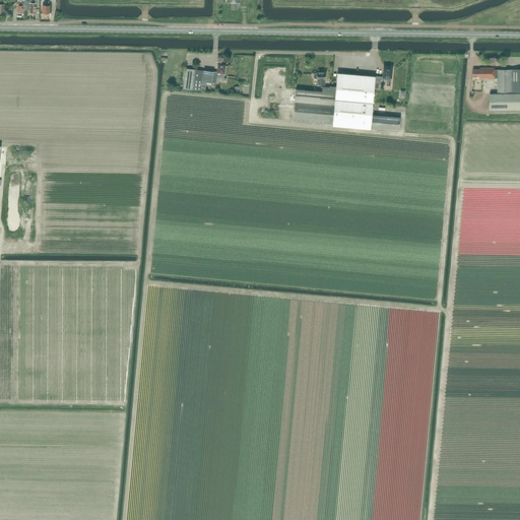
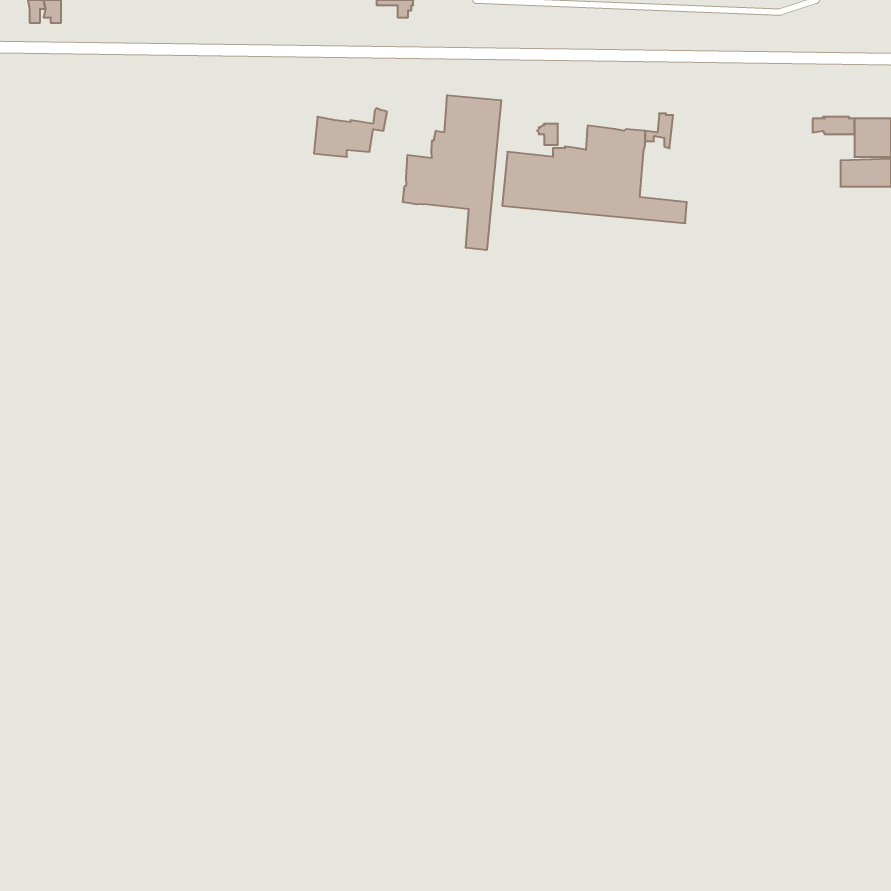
building: none -> [403,95,501,250]

